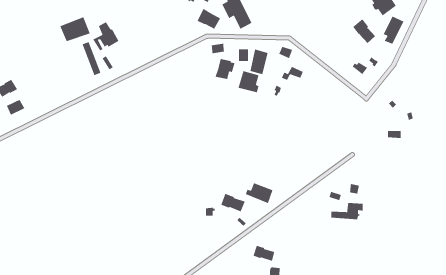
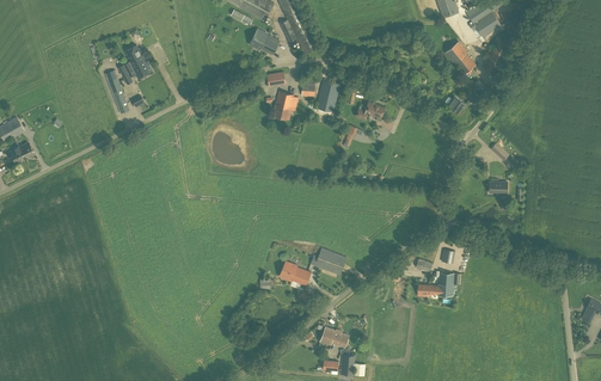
building: [59,16,91,42] -> none
building: [237,70,260,93] -> none

